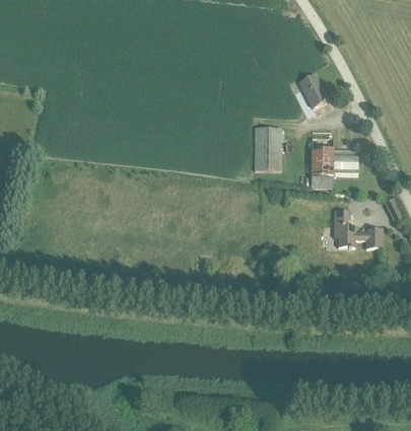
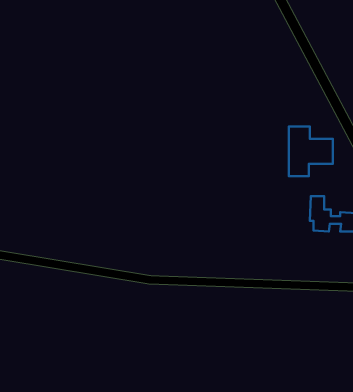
building: [298,75,327,109] -> none
building: [254,128,281,170] -> none

